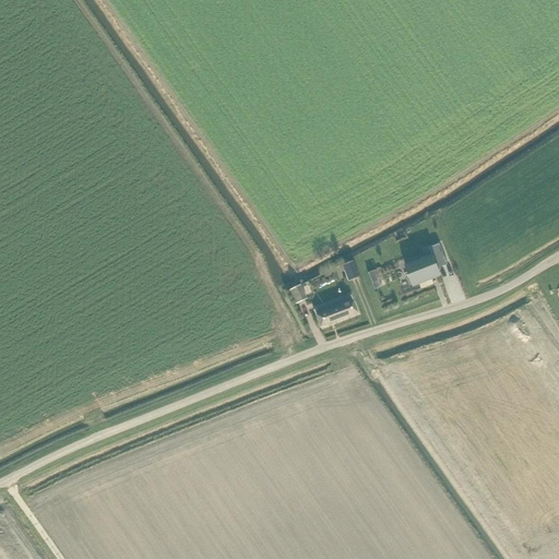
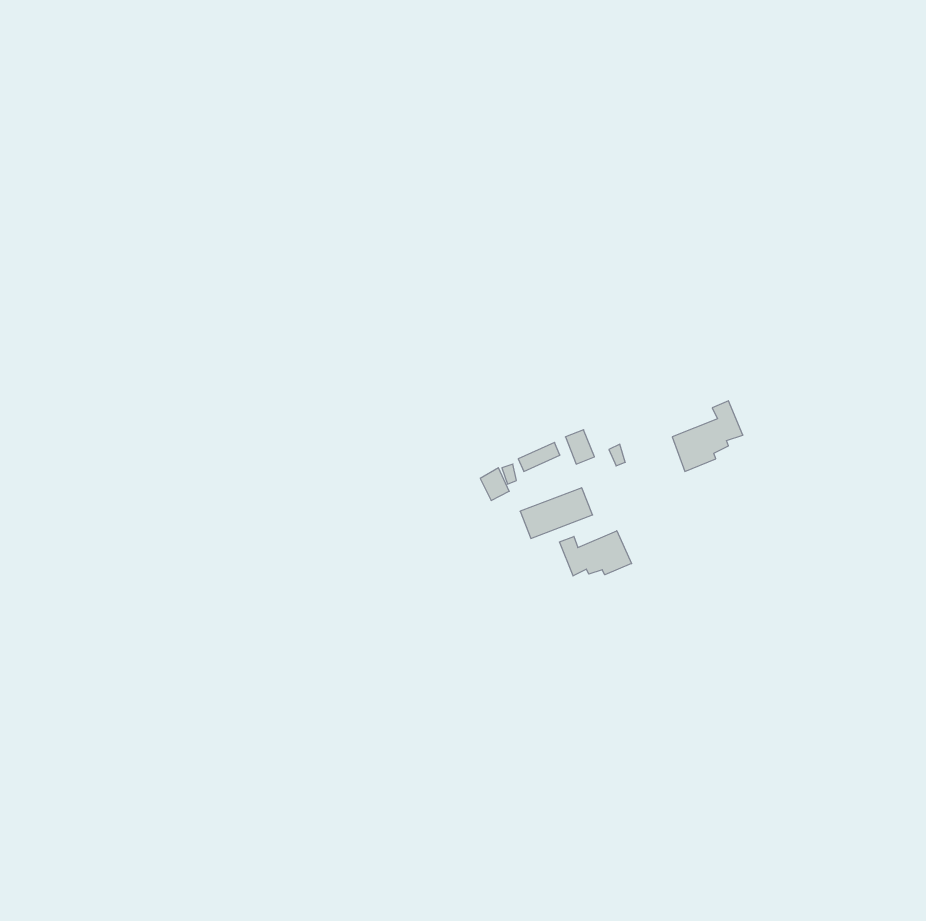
building: none -> [559,531,632,576]

